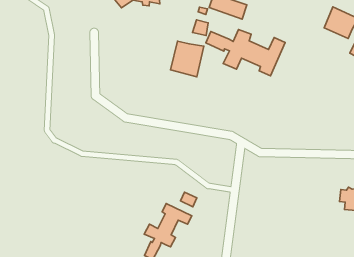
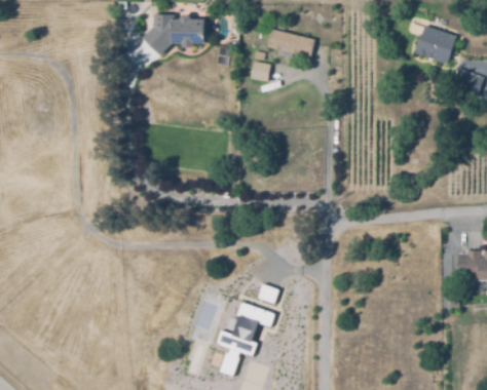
building: [206,29,285,76] -> none
building: [171,41,204,77] -> none

